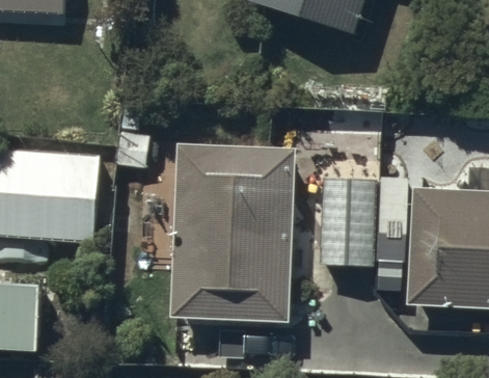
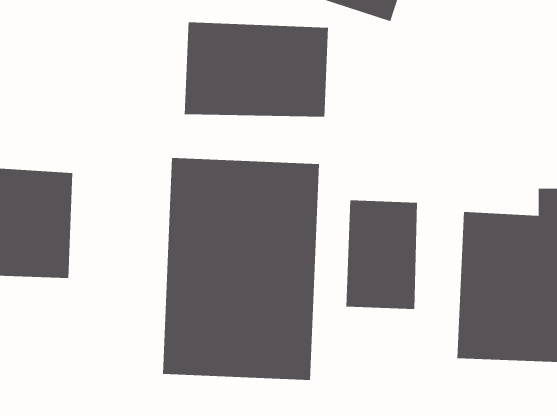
building: none -> [184,21,328,117]

